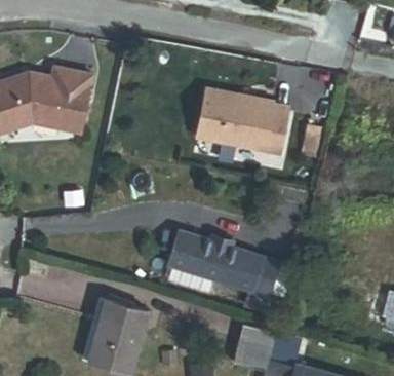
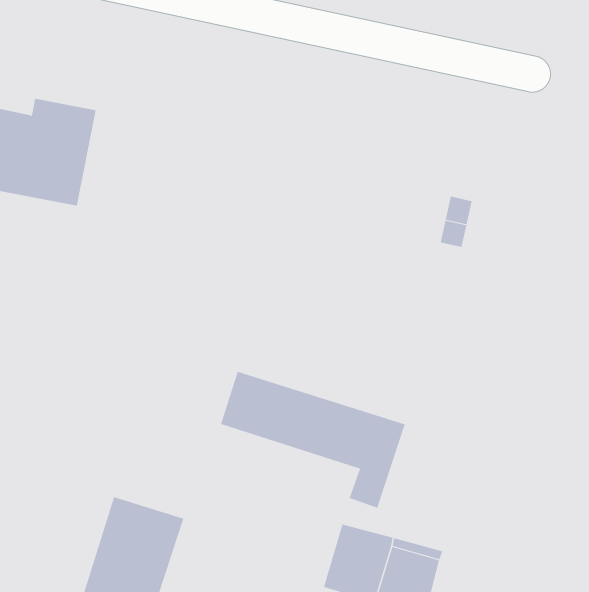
building: [200,82,291,152] -> none

